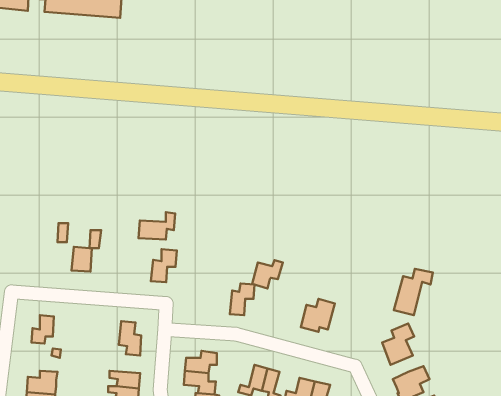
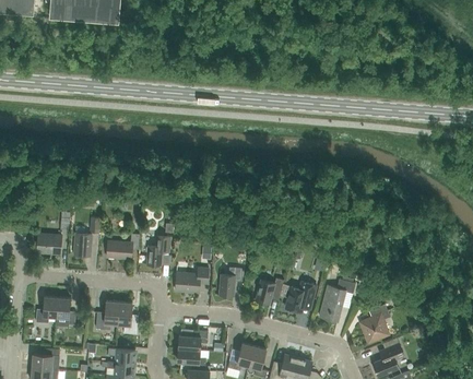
building: [139,212,175,239] -> [106,233,140,258]
building: none -> [36,233,62,253]
building: [252,260,283,289] -> [256,277,284,304]
building: [394,269,433,315] -> [319,279,355,321]
building: none -> [175,267,209,293]
building: none -> [55,297,75,325]
building: none -> [96,300,119,329]

